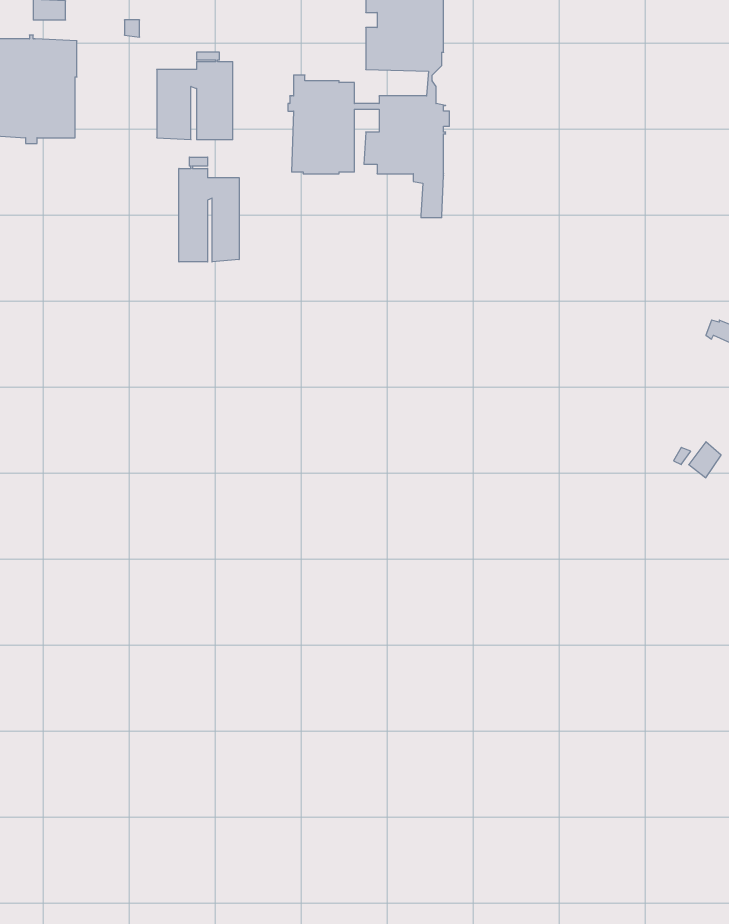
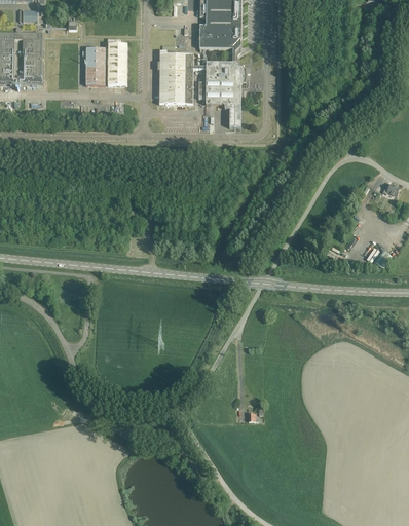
building: [179,157,239,262] -> none

